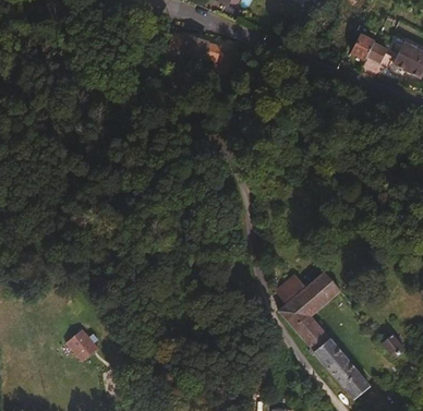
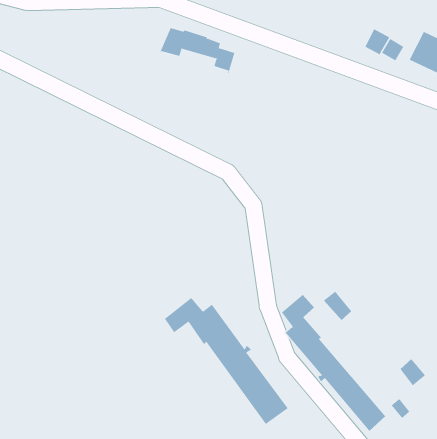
building: none -> [164,297,288,425]
building: [295,279,329,313] -> none
building: [68,328,97,359] -> none

